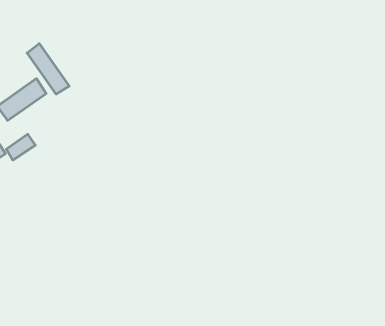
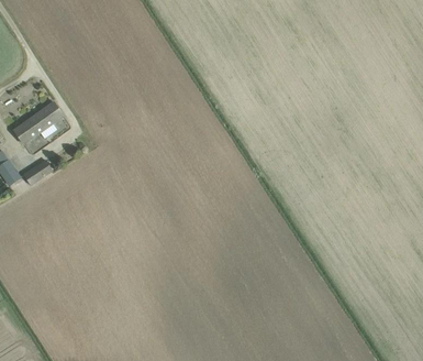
building: [27,44,69,94] -> none

